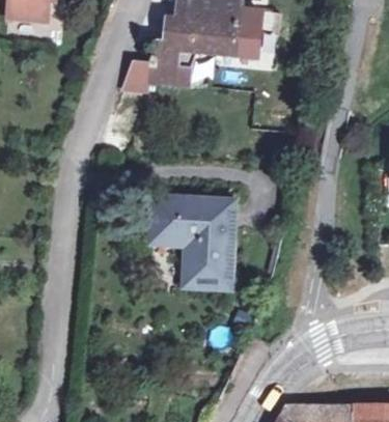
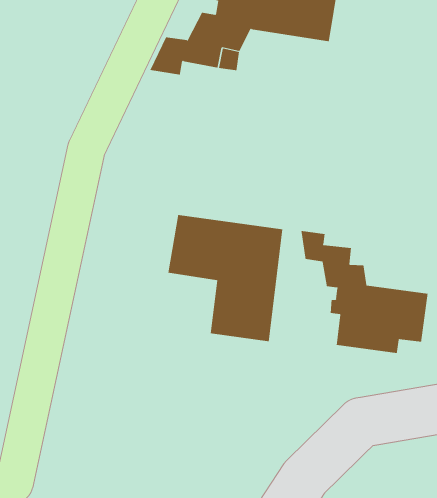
building: none -> [301,230,428,354]

